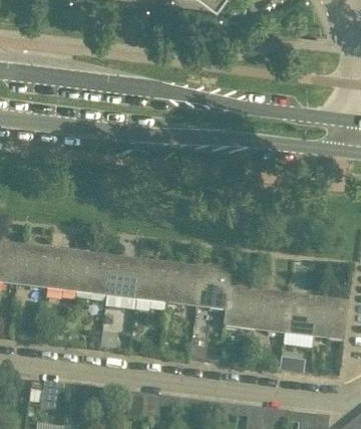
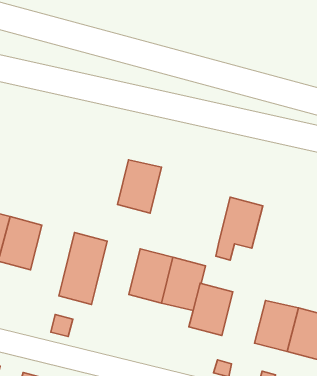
building: [75,250,110,295] -> none
building: [135,257,170,302] -> [117,160,162,213]
building: [252,288,288,345] -> [216,197,263,260]

